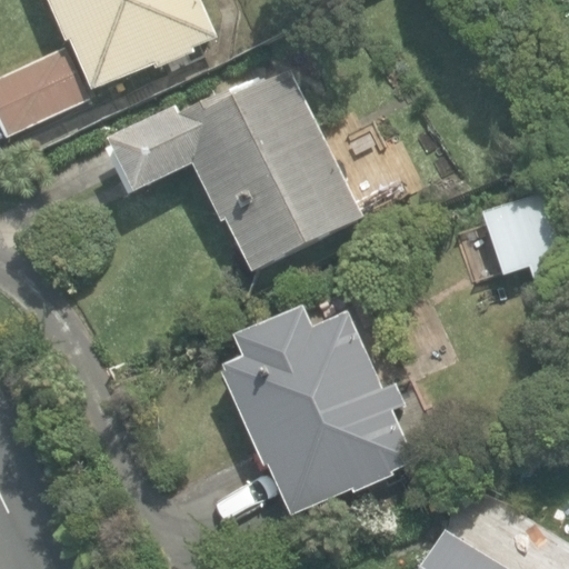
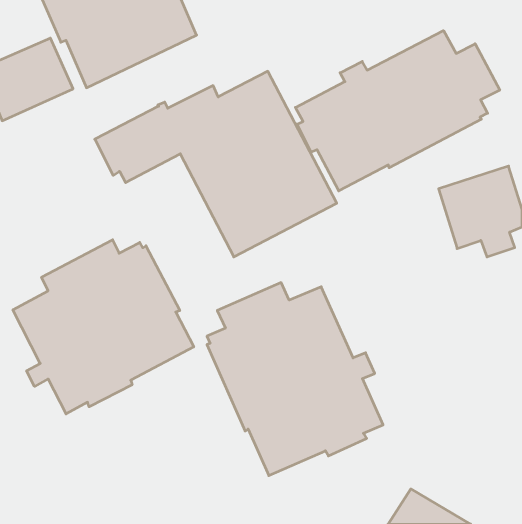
building: none -> [295,31,500,191]
building: none -> [13,240,194,414]

